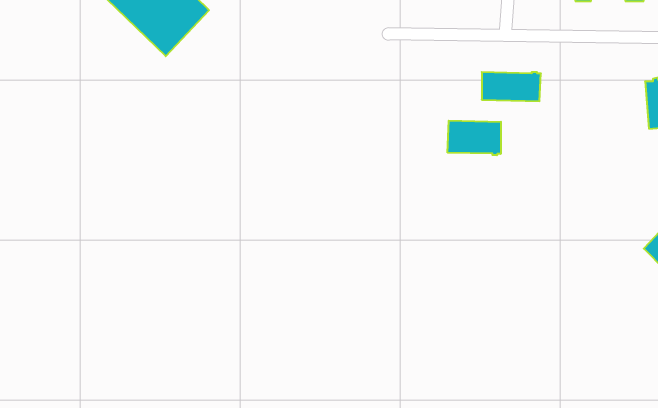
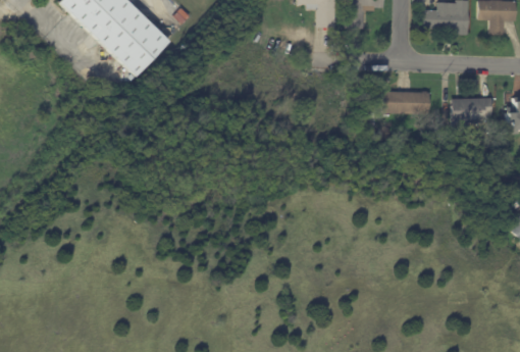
building: none -> [449,96,489,130]
building: [448,121,501,155] -> none

